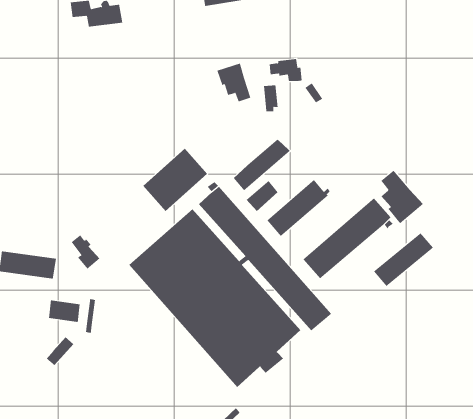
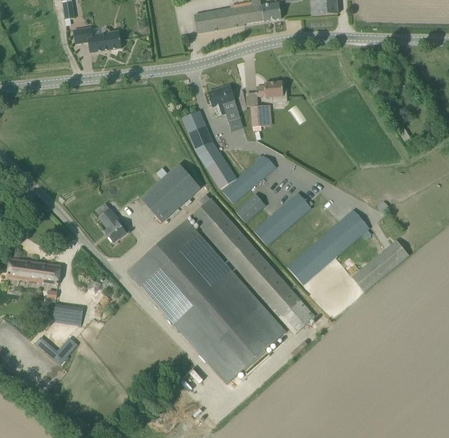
building: none -> [183,110,236,189]
building: [381,170,424,224] -> none
building: [71,235,100,269] -> [99,210,126,242]

